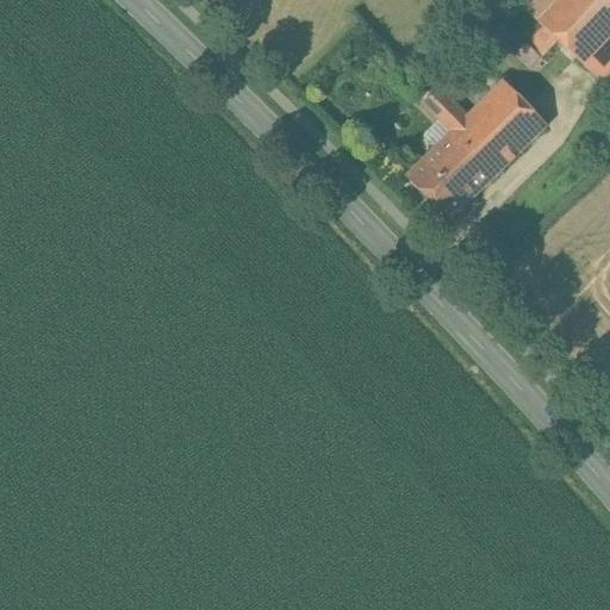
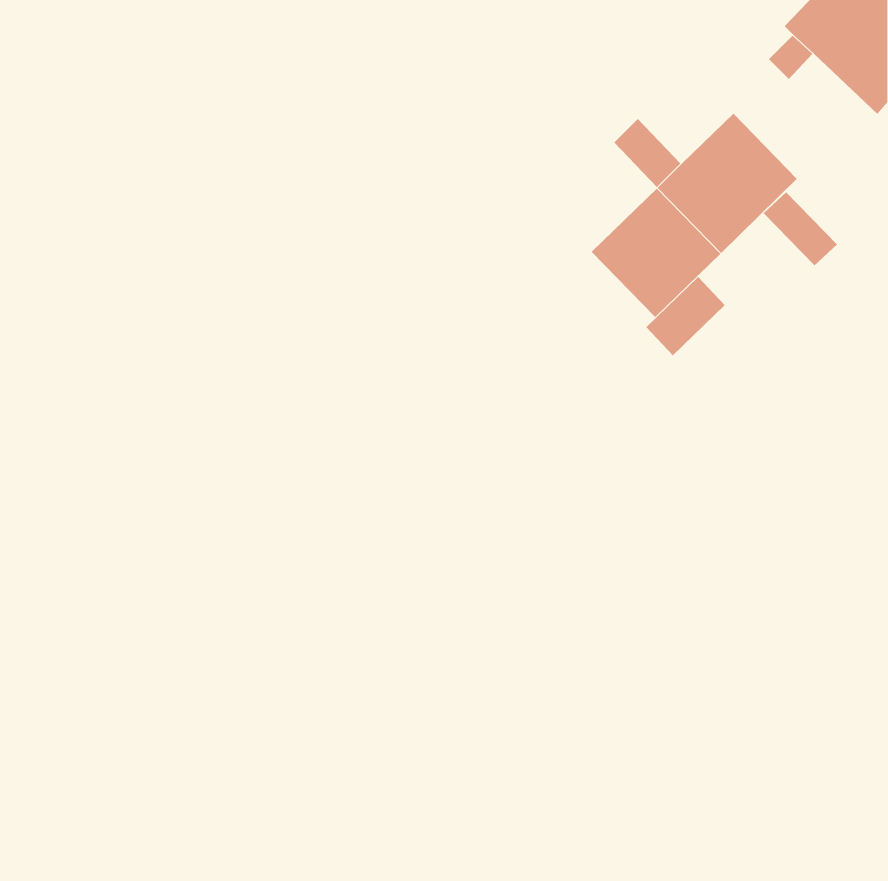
building: none -> [763,191,838,266]
building: none -> [646,276,725,356]

